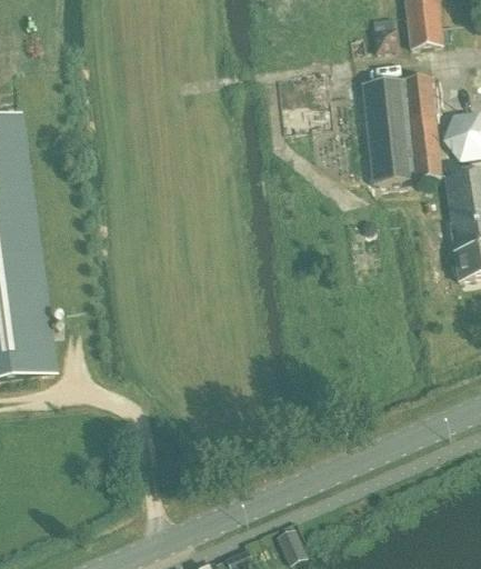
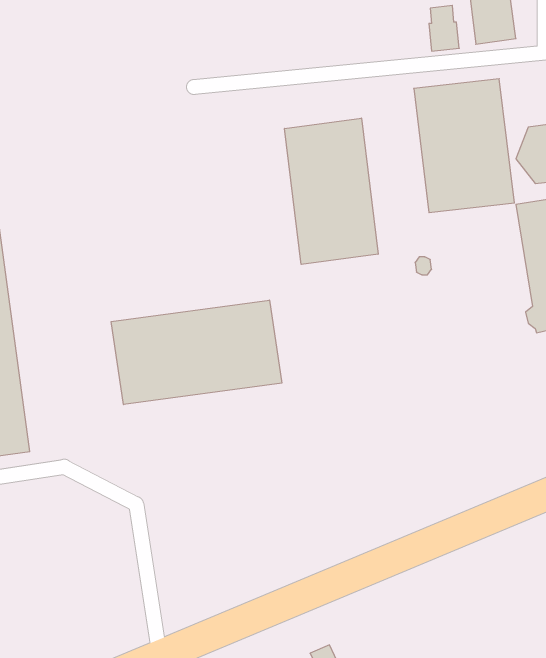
building: none -> [285,118,378,264]
building: none -> [111,300,282,405]

